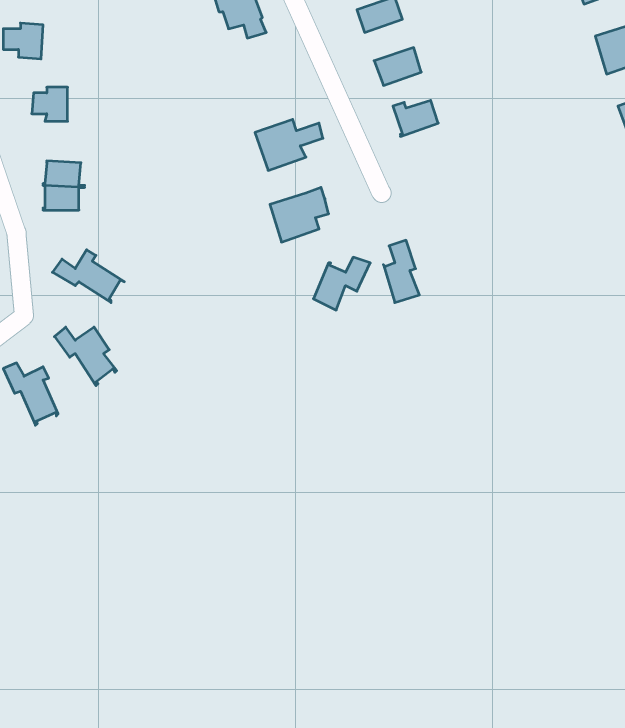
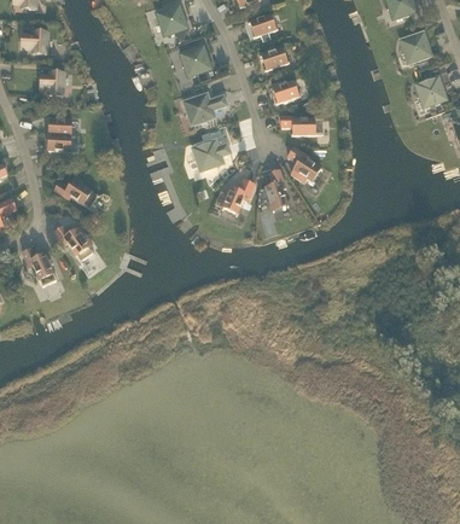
building: none -> [180,46,211,81]
building: none -> [280,116,321,135]
building: none -> [287,145,321,182]

